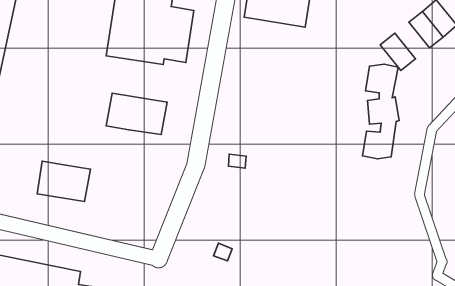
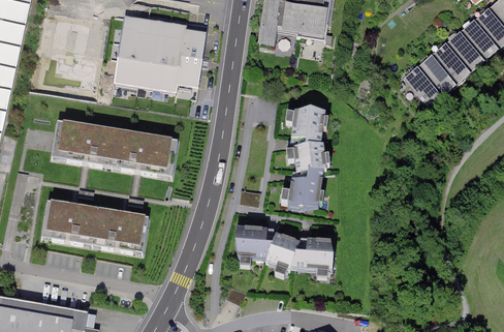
building: none -> [417,52,453,90]
building: [363,64,399,159] -> [289,109,327,208]
building: none -> [54,117,121,160]
building: none -> [92,206,148,248]
building: none -> [237,225,334,270]

